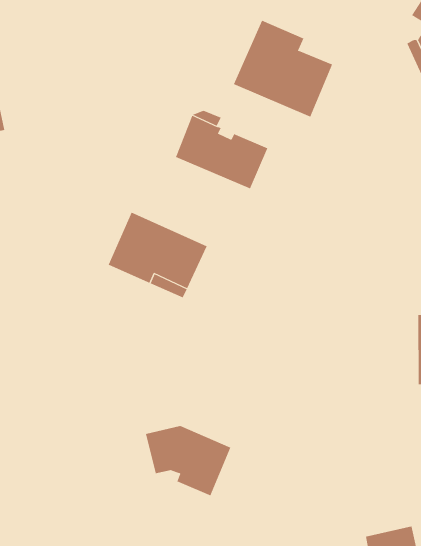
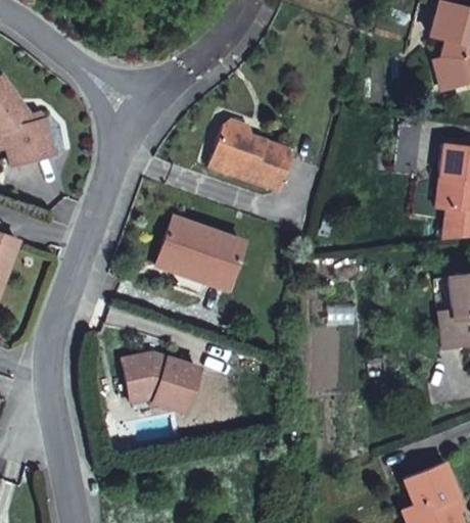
building: [233,20,333,117] -> none
building: [145,425,231,496] -> [129,355,206,416]

